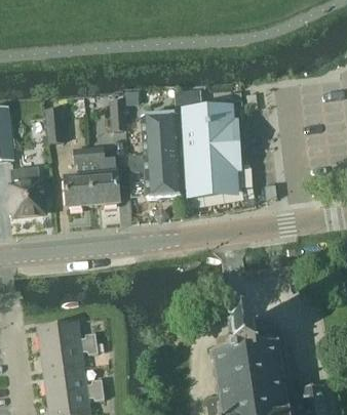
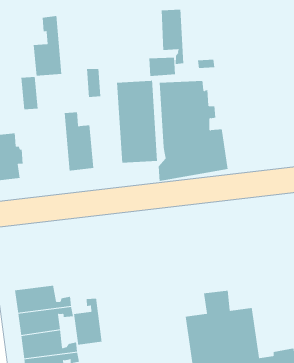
building: none -> [161,9,184,65]
building: [64,146,93,207] -> [33,16,62,76]
building: none -> [74,298,102,345]

